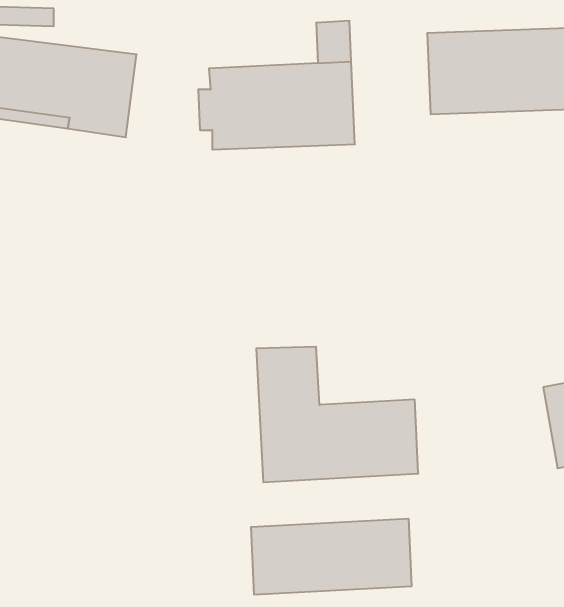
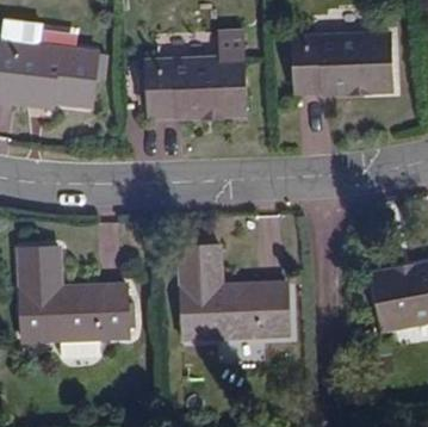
building: none -> [20,253,128,342]
building: [251,519,411,595] -> none

